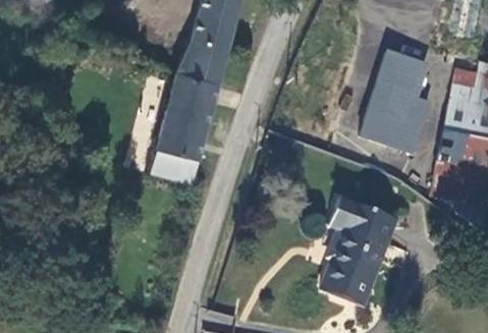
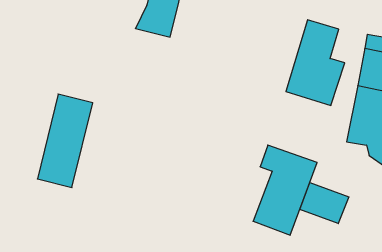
building: [157,62,222,172] -> [37,94,93,188]
building: none -> [300,183,349,224]

